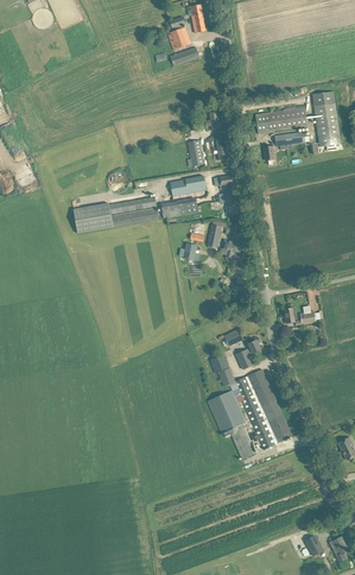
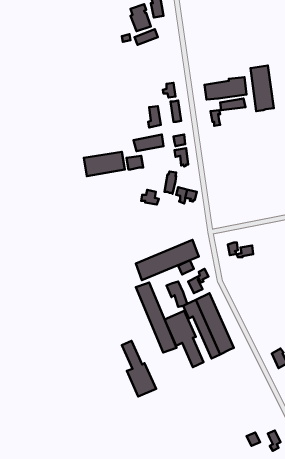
building: [72,202,113,233] -> none
building: none -> [136,240,199,280]
building: none -> [136,283,177,353]
building: none -> [122,341,156,397]

